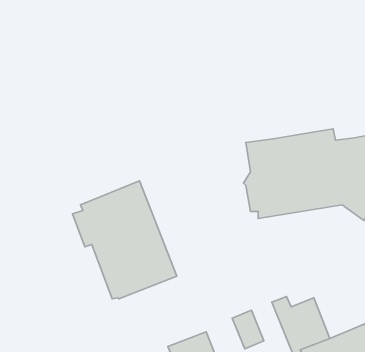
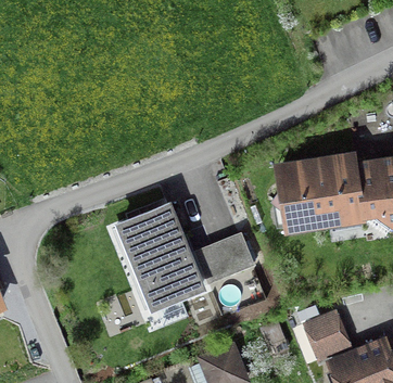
building: none -> [194,232,256,285]

